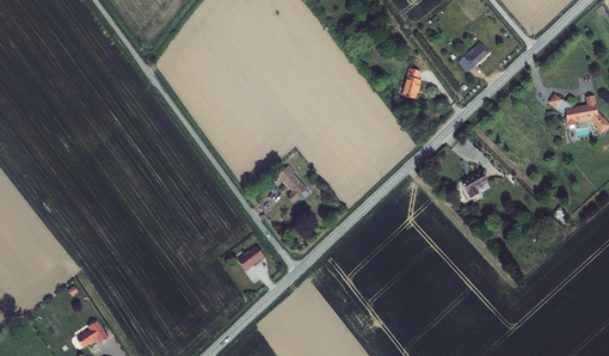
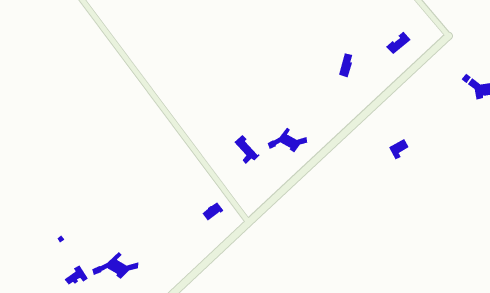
building: none -> [267,126,308,153]
building: none -> [92,251,139,280]

